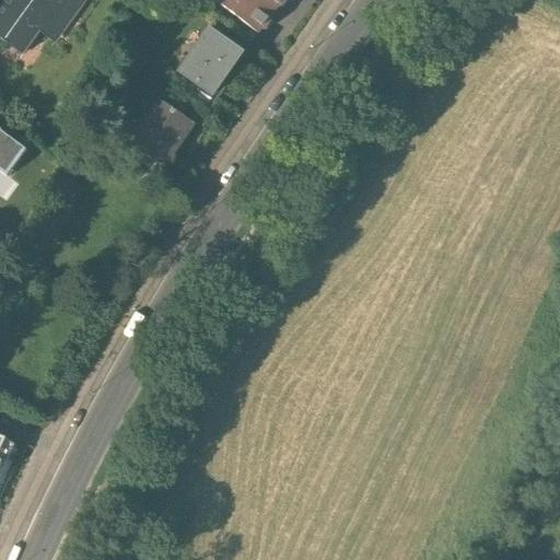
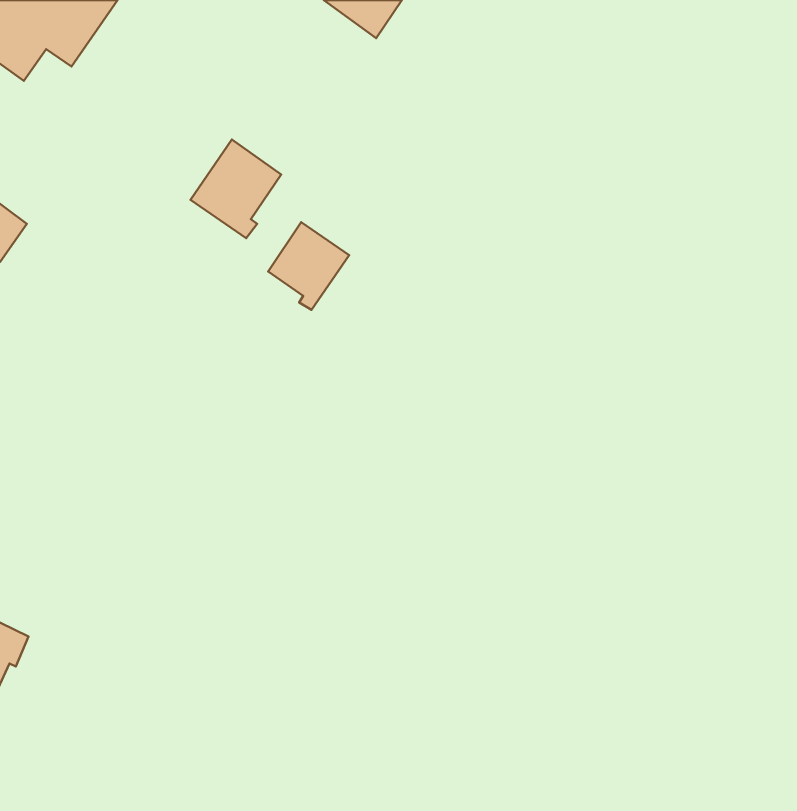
building: [182,26,243,89] -> none
building: none -> [268,222,349,310]

